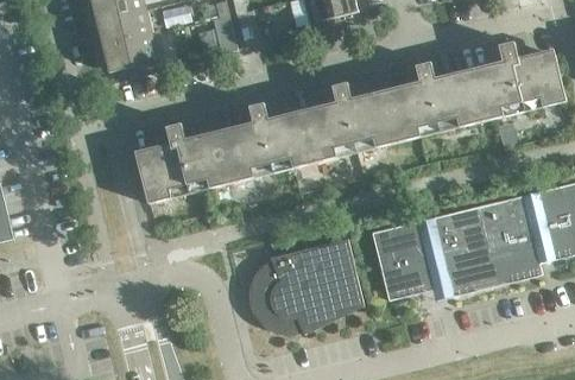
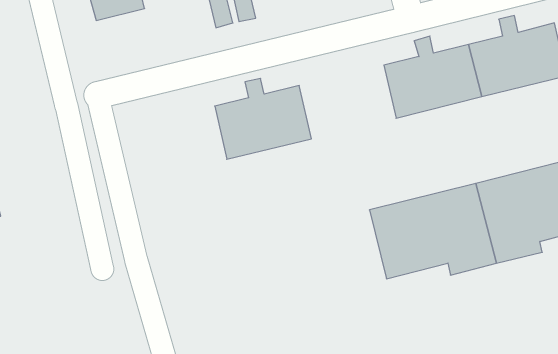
building: [103,33,158,71] -> none
building: [303,82,398,162] -> none
building: [135,122,232,202] -> none
building: [246,238,364,335] -> none

